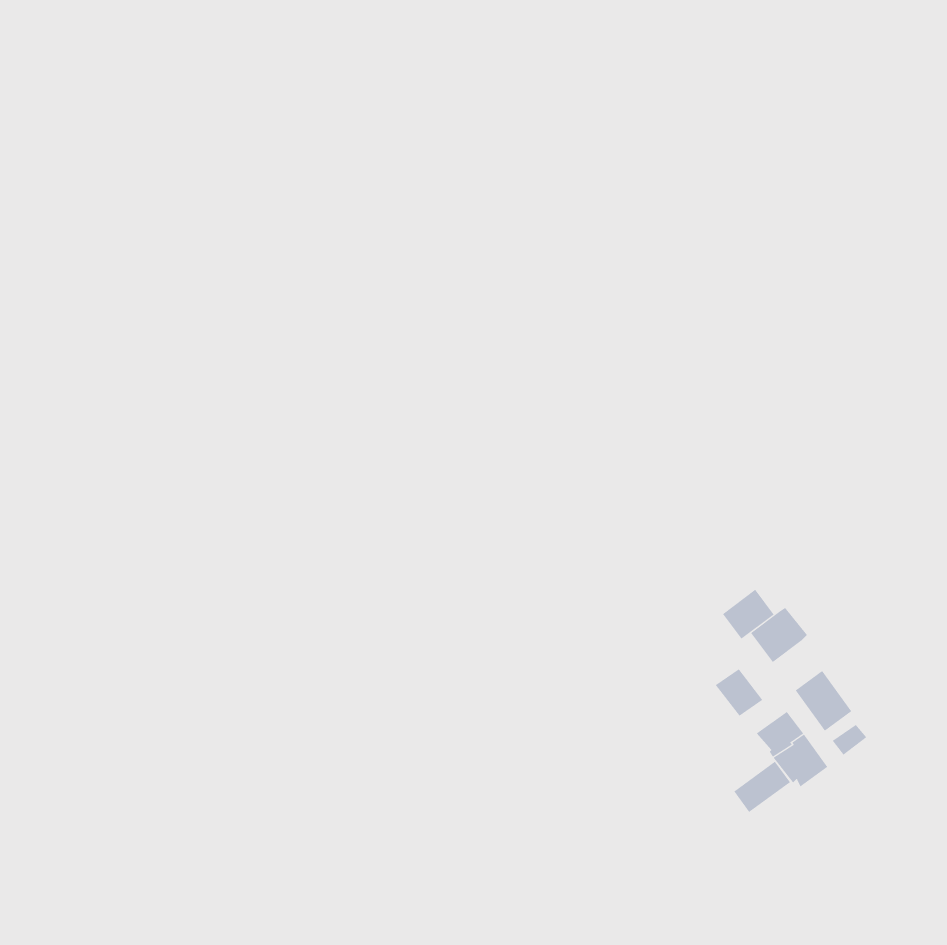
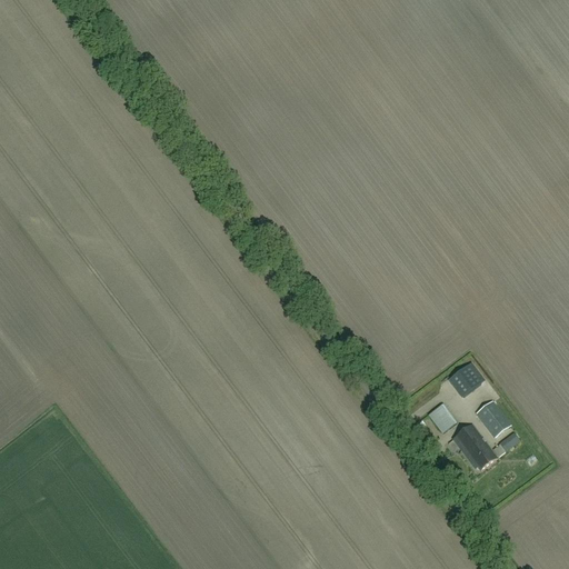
building: [722,589,775,640] -> none
building: [733,761,791,813] -> none

